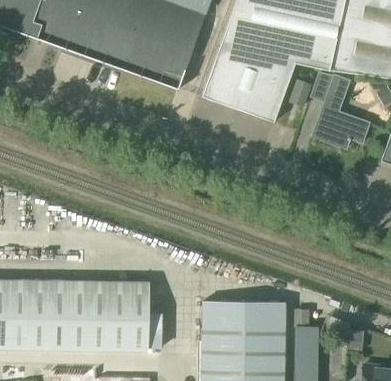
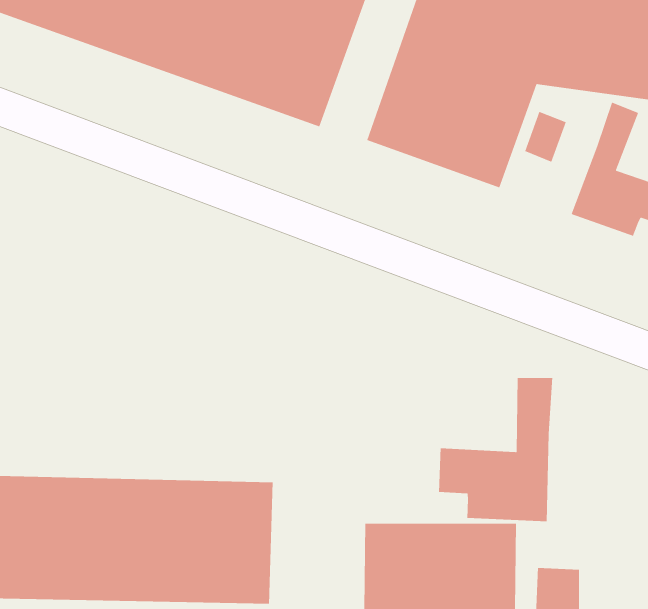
building: none -> [438,377,553,522]

